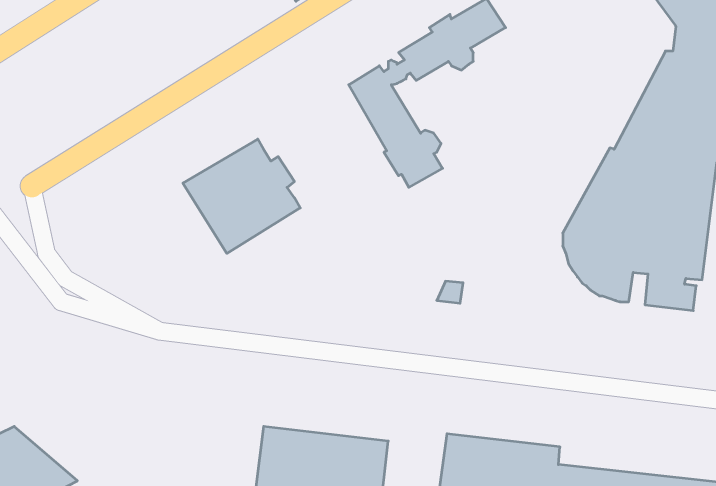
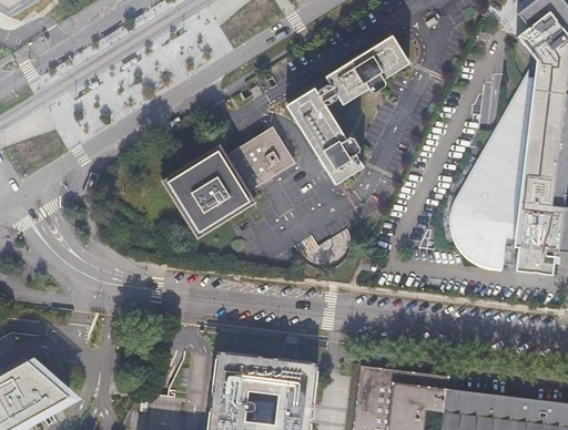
building: none -> [223,122,295,188]

